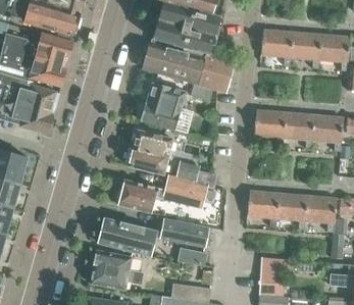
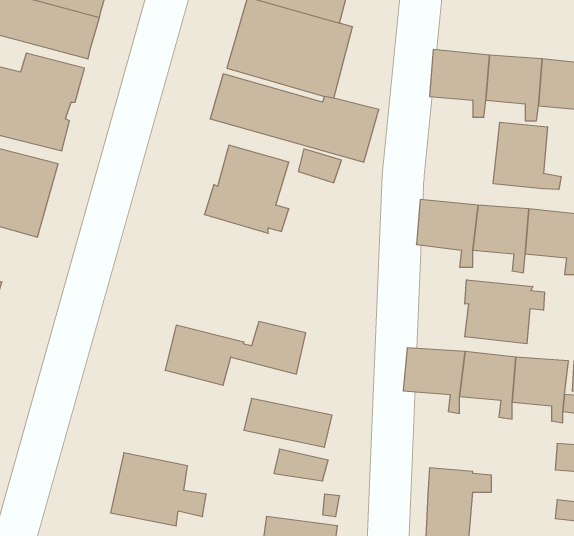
building: none -> [493,122,561,190]
building: [128,130,171,173] -> none
building: none -> [465,280,544,344]
building: [168,161,217,187] -> none
building: [98,216,157,255] -> none

